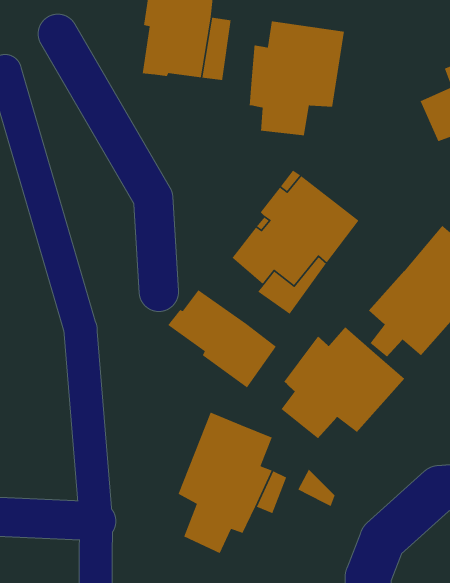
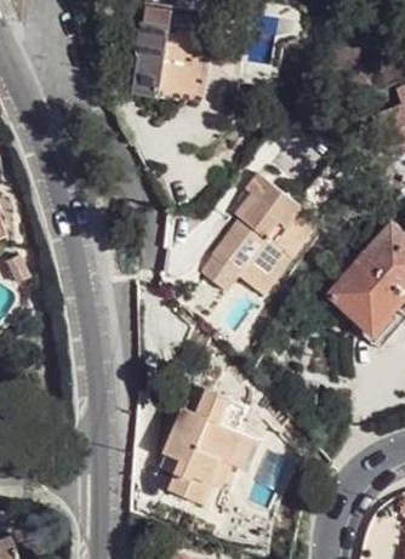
building: [249,20,345,136] -> none
building: [167,289,277,388] -> none
building: [281,326,405,439] -> none

